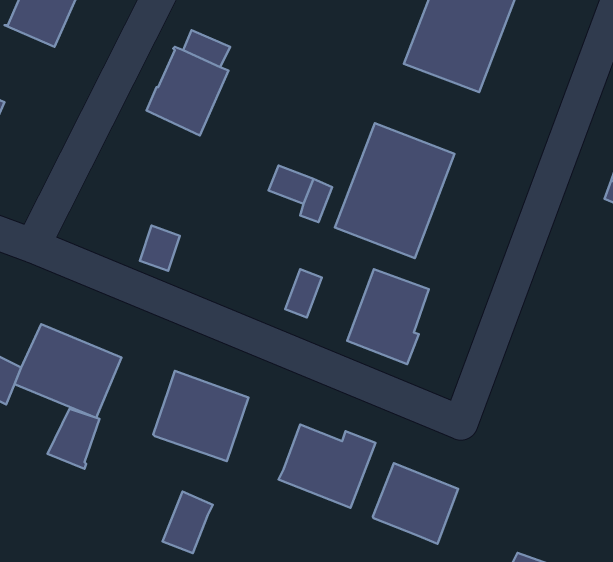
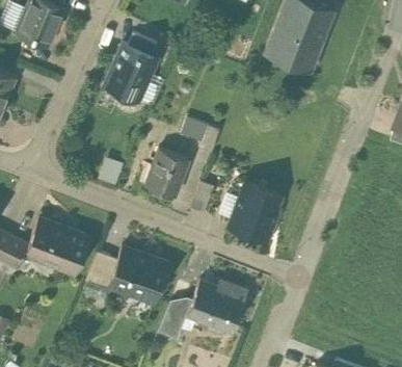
building: [335,123,455,258] -> none
building: none -> [145,150,188,196]
building: [48,409,99,469] -> [85,253,117,290]
building: [373,463,458,544] -> none
building: [163,491,213,553] -> [158,299,189,338]

